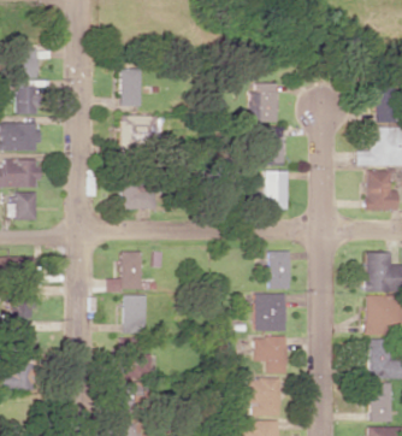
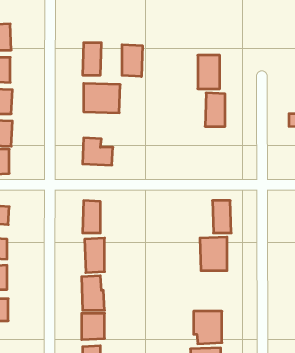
building: none -> [122,45,142,77]
building: [265,171,288,208] -> none
building: [254,336,288,373] -> none

